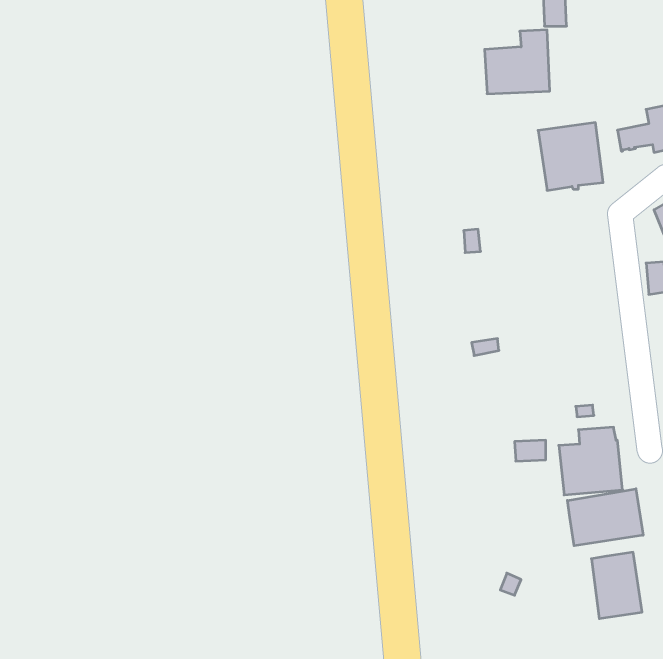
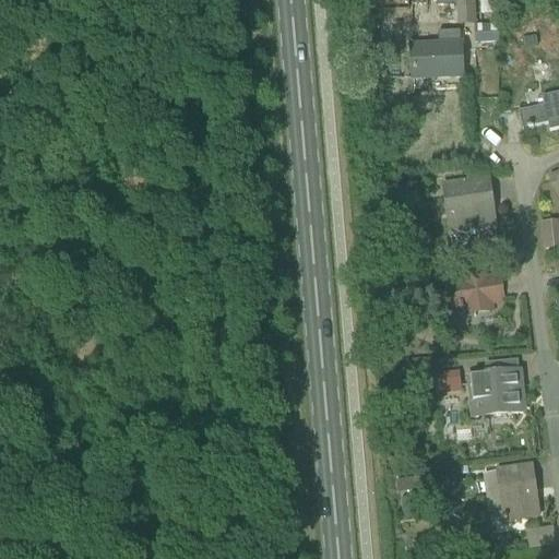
building: [538,123,603,190] -> [442,176,497,233]
building: none -> [449,273,502,306]
building: [567,489,643,546] -> none

